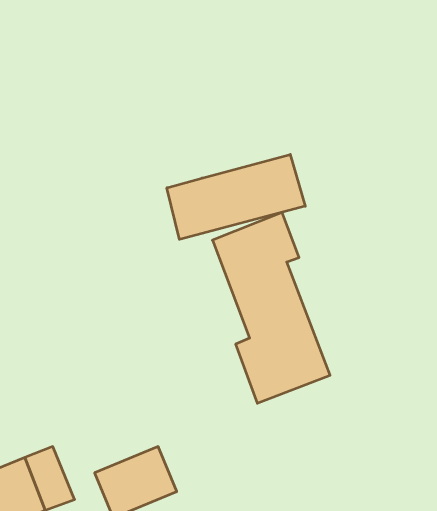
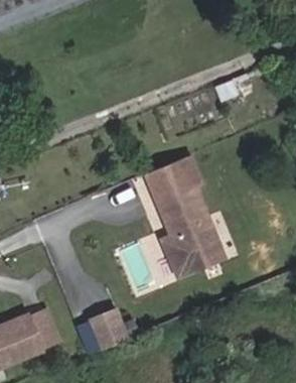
building: [167,154,305,239] -> none

